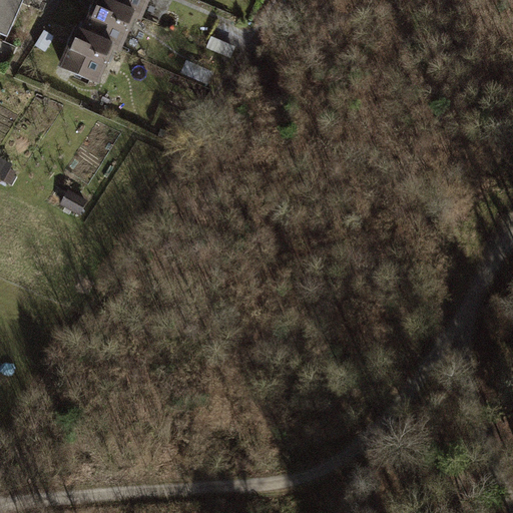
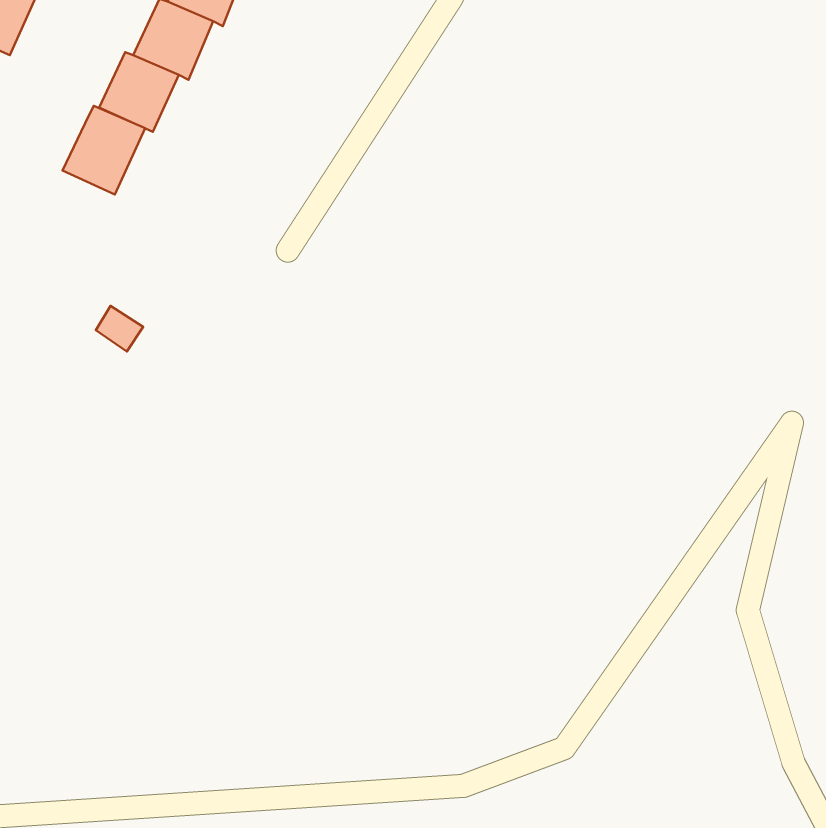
building: none -> [63,106,145,195]

